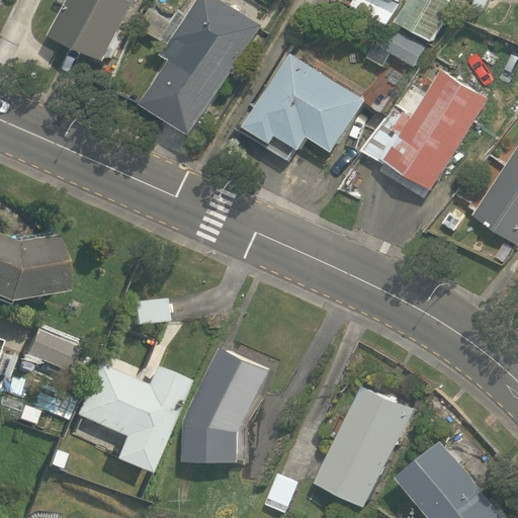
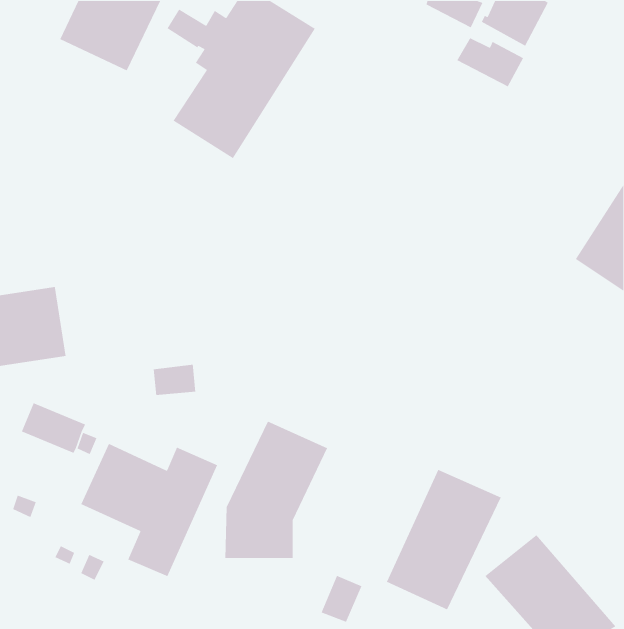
building: [234,54,364,165] -> none
building: [361,68,488,198] -> none

